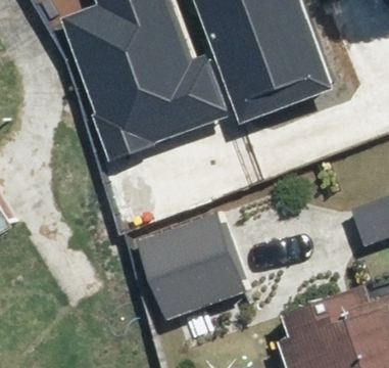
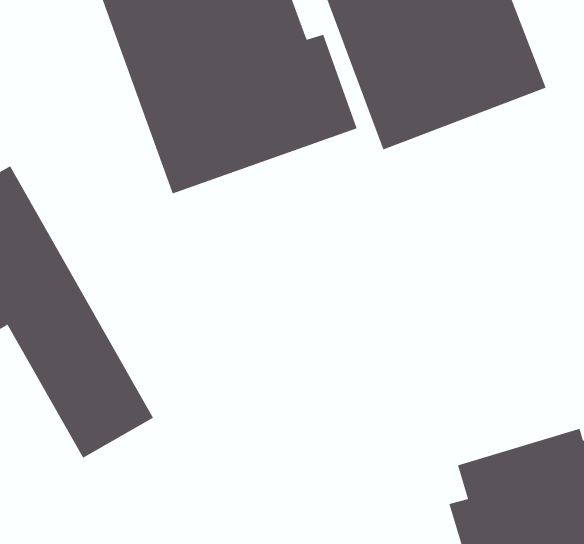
building: [138,212,245,320] -> none

